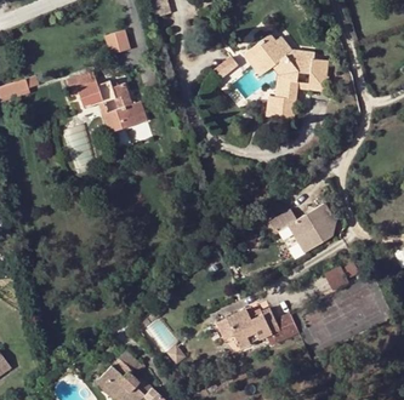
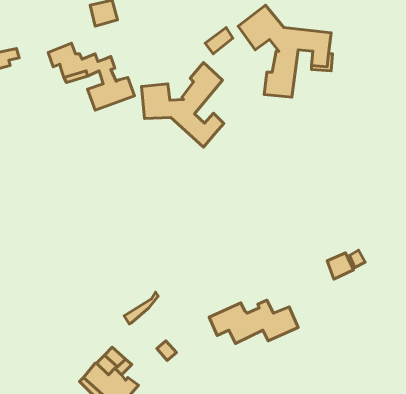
building: none -> [141,63,224,147]
building: [268,202,335,251] -> none

